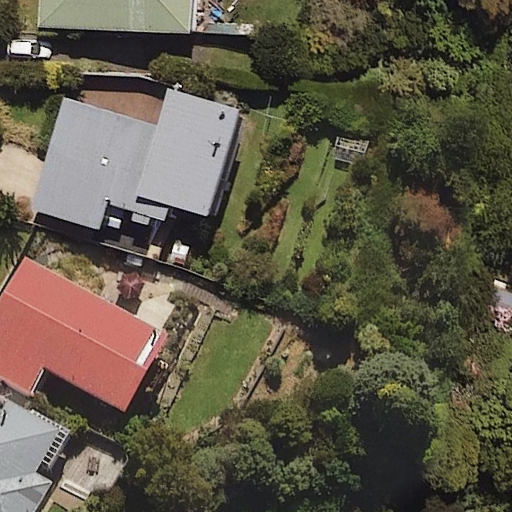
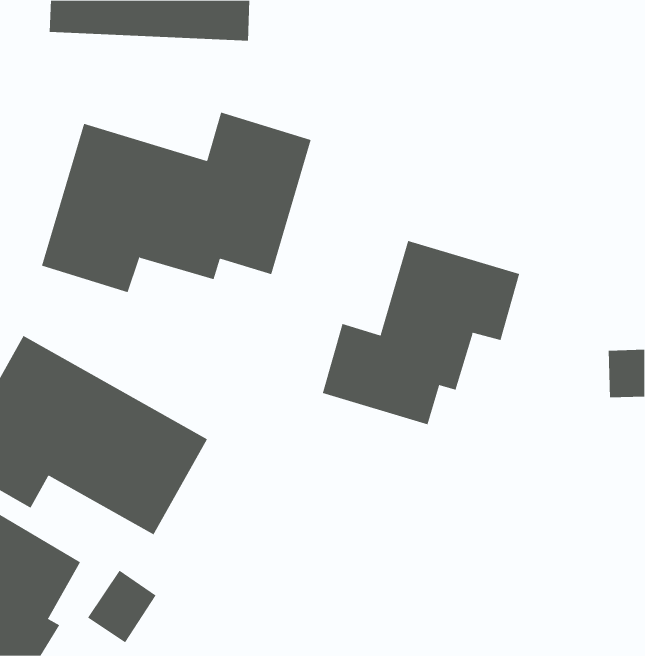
building: none -> [322,240,520,425]

